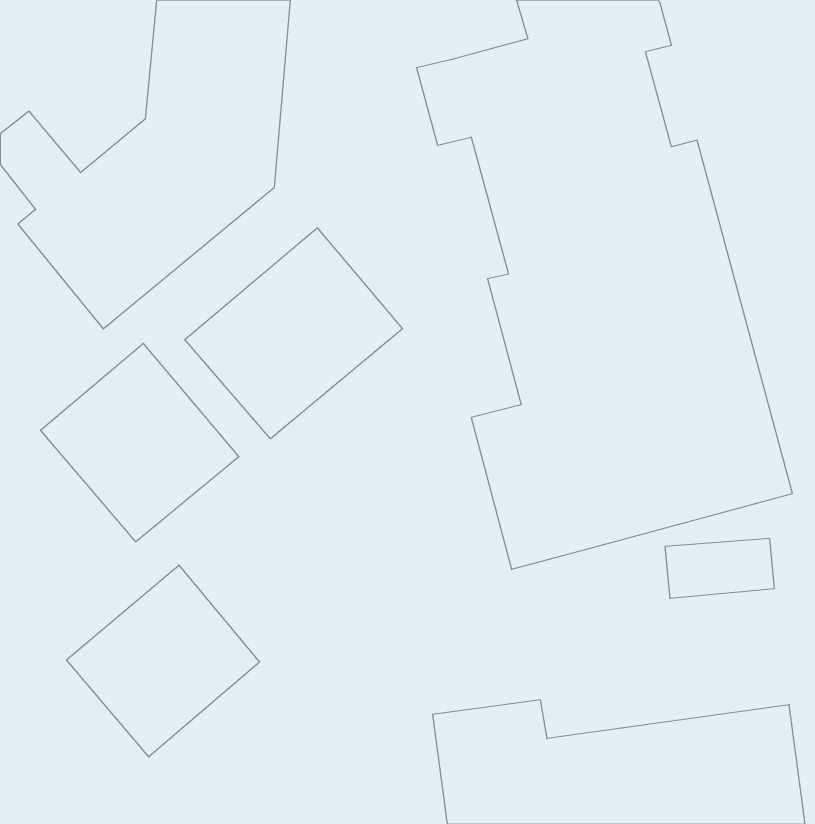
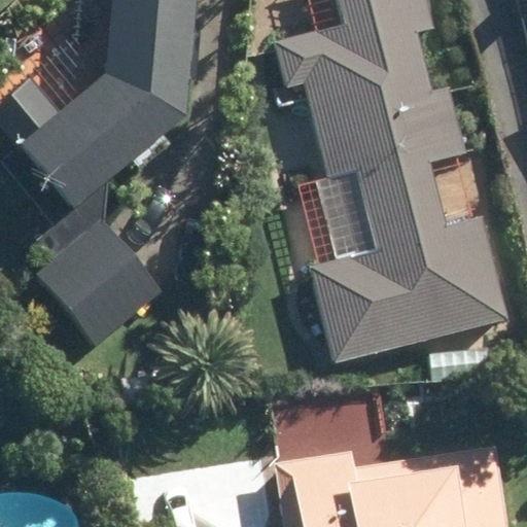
building: [185,228,402,439] -> none
building: [67,565,259,757] -> none

